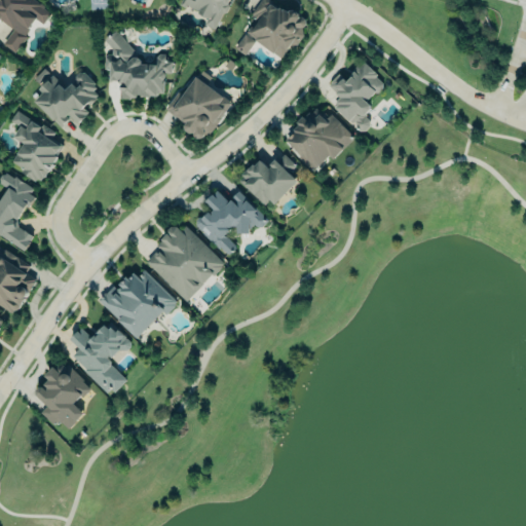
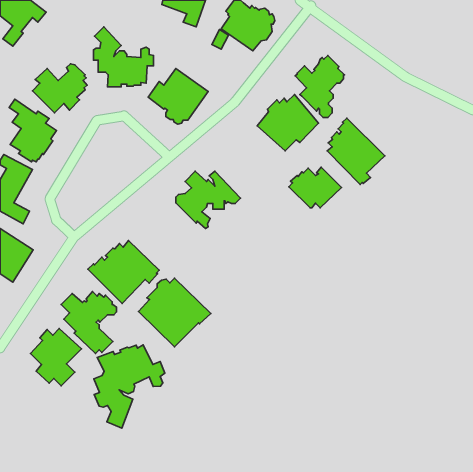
building: none -> [327,118,385,185]
building: [238,159,297,204] -> [289,167,342,208]
building: [145,225,225,301] -> [138,278,211,347]
building: none -> [94,345,165,428]

